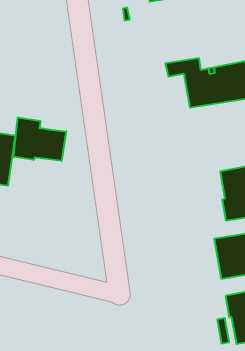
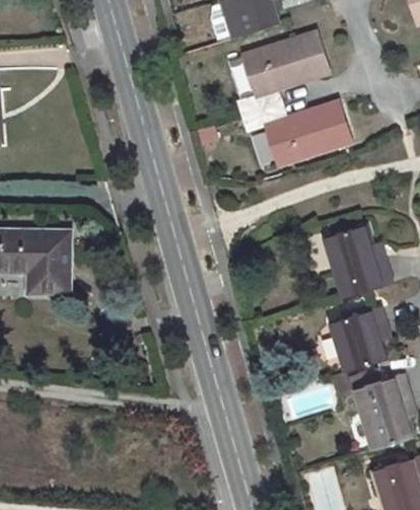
building: none -> [227,32,329,117]
building: [13,117,66,161] -> none

